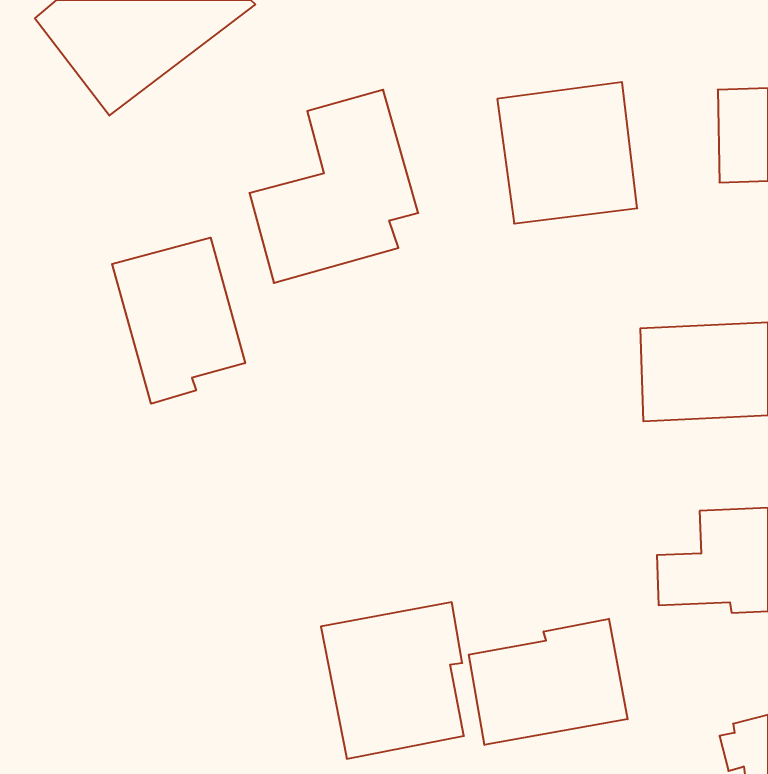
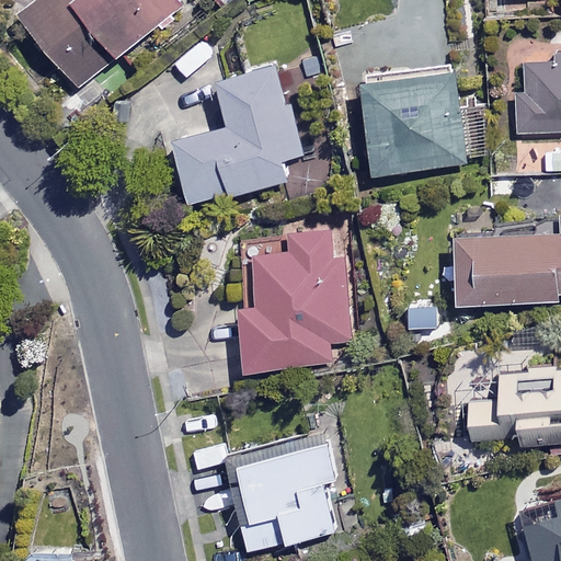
building: [112,238,245,404] -> none
building: none -> [238,226,348,370]
building: [469,619,628,745] -> none

